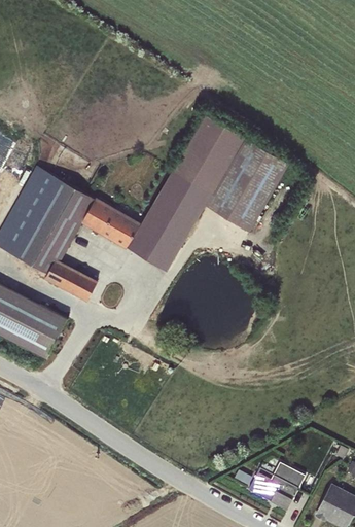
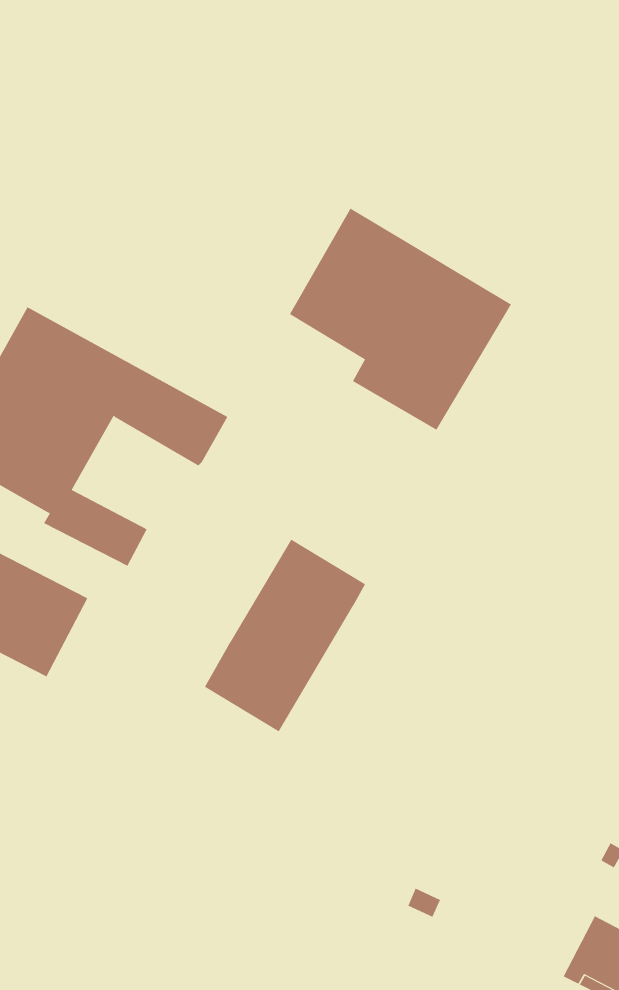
building: [127,170,211,271] -> [204,539,366,732]
building: [248,462,304,510] -> none

